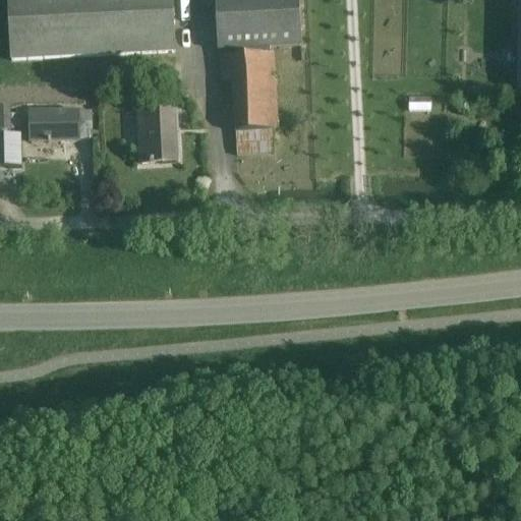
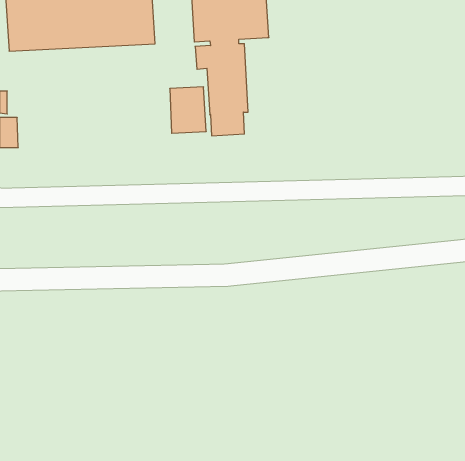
building: [28,107,92,138] -> none
building: [137,108,178,160] -> [170,87,206,133]

